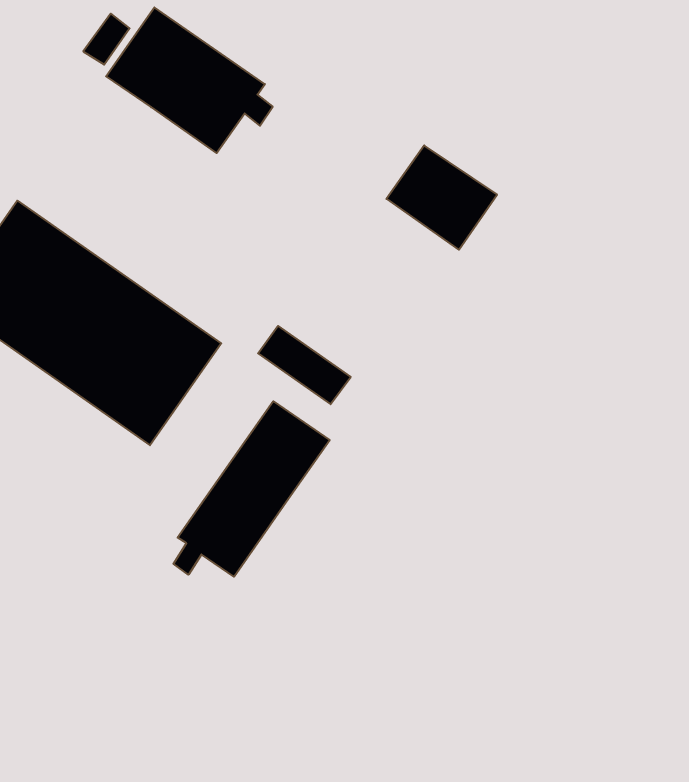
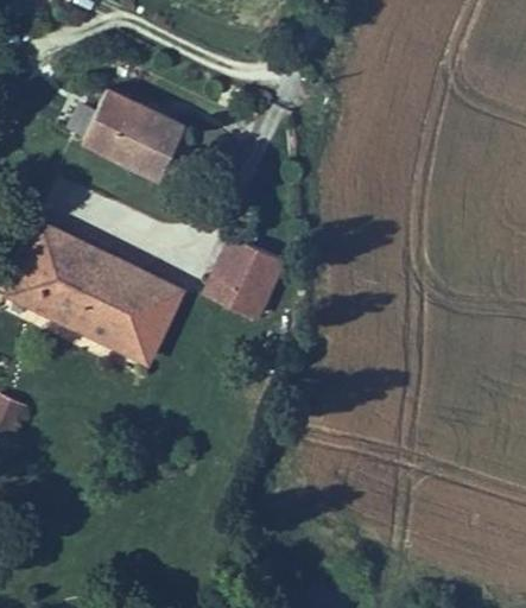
building: [386,145,497,250] -> [215,239,283,299]
building: [173,401,330,577] -> none

